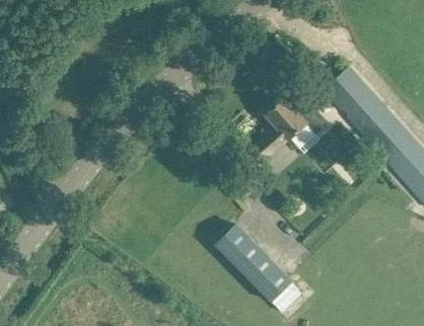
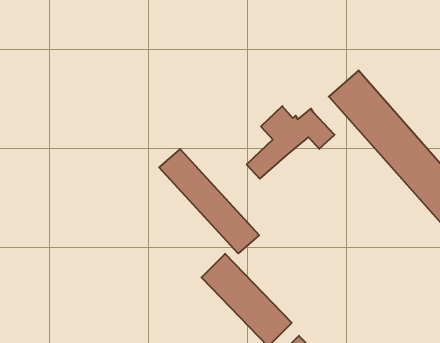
building: none -> [159,149,259,253]

